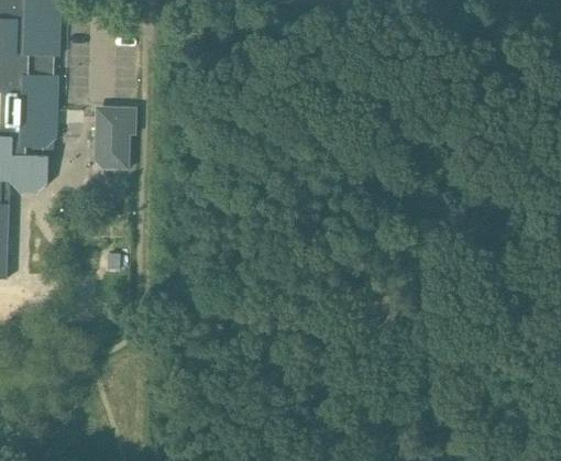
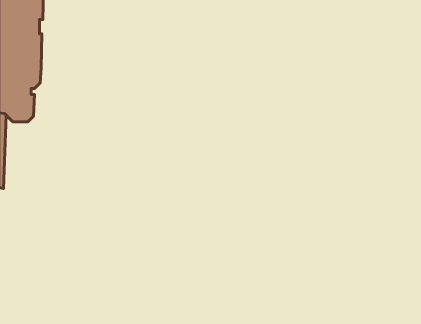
building: [94,106,135,168] -> none

